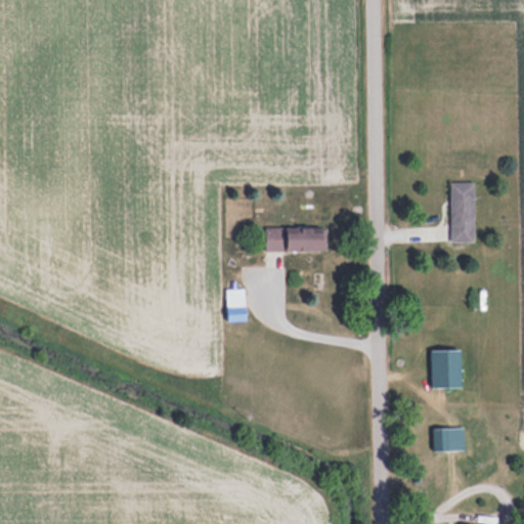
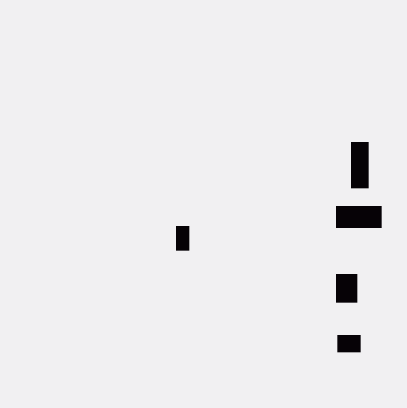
building: [265,227,326,252] -> none
building: none -> [335,205,382,229]

